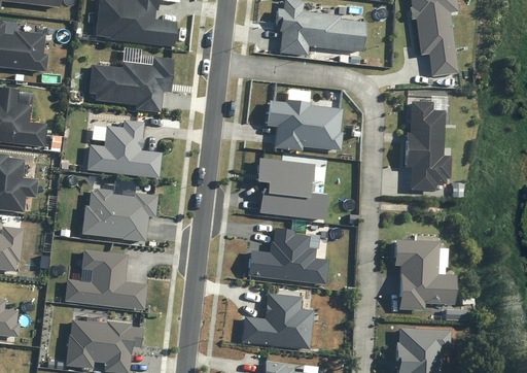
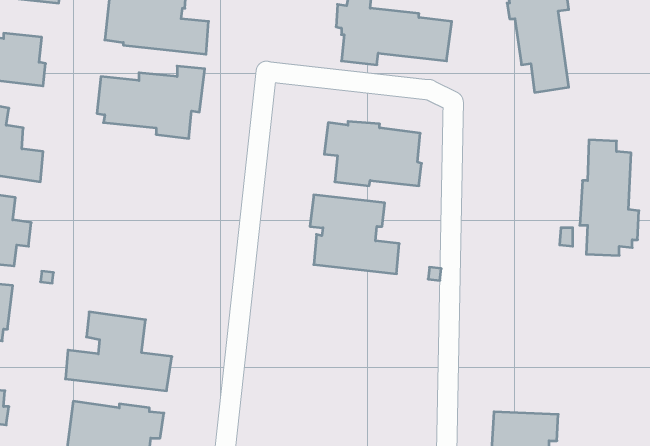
building: [403,101,450,192] -> [580,140,639,255]
building: [85,120,162,178] -> none
building: [80,189,157,242] -> none
building: [247,229,327,285] -> none
building: [392,240,454,310] -> none
building: [241,294,313,349] -> none

